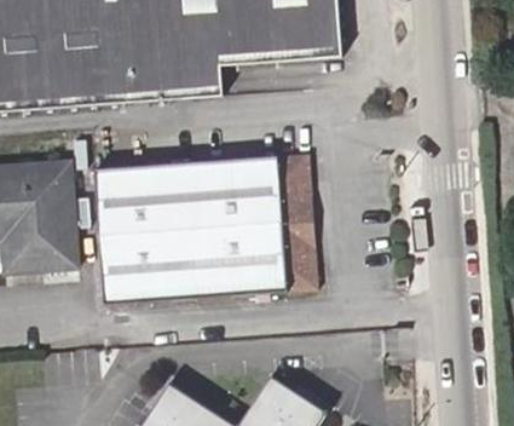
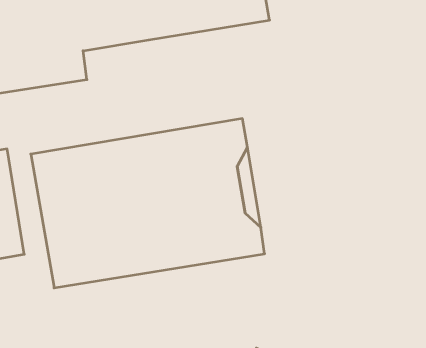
building: [150,64,219,98] -> none

